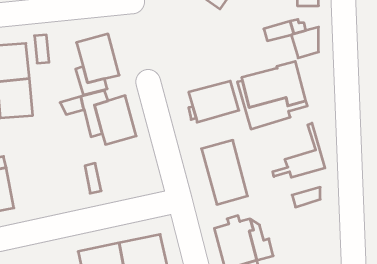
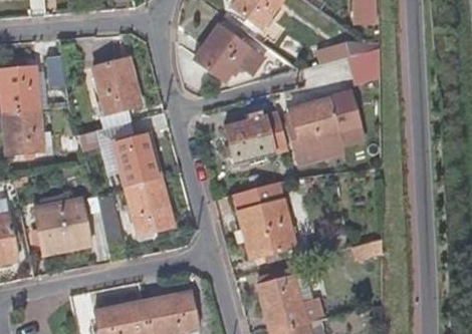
building: none -> [192,25,262,81]
building: [273,123,325,177] -> none
building: none -> [128,176,177,235]
building: none -> [38,198,93,254]

